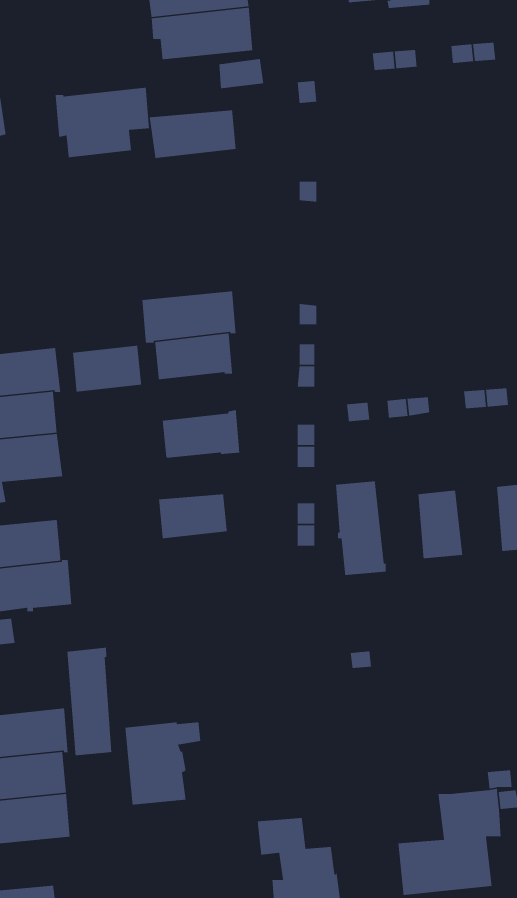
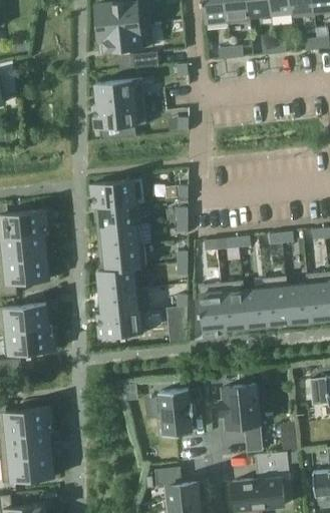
building: [55,87,150,158] -> [93,101,145,140]
building: [72,345,142,393] -> [100,223,138,249]
building: none -> [98,268,136,293]
building: none -> [262,276,289,324]
building: none -> [220,281,246,328]
building: none -> [97,309,145,338]
building: [66,647,112,756] -> none
building: none -> [220,384,262,451]
building: [124,722,201,806] -> [159,388,202,434]

